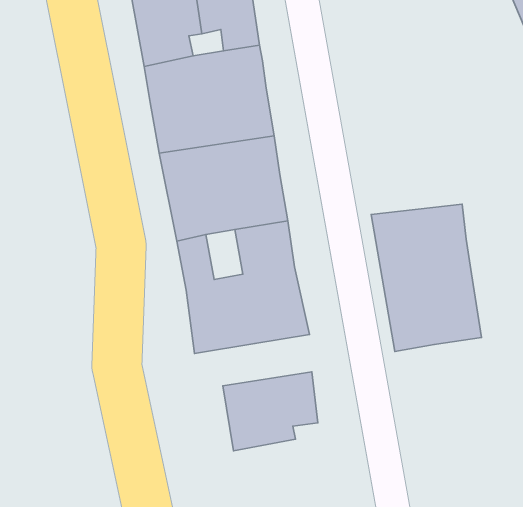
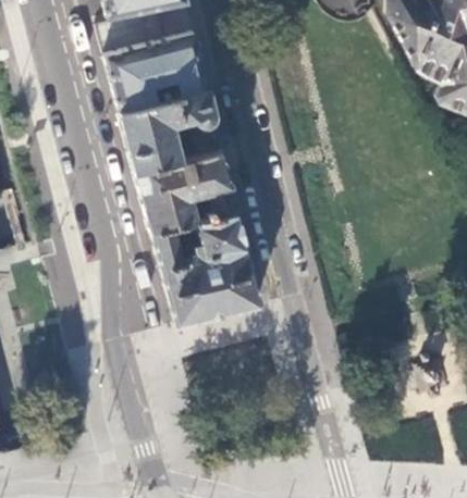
building: [371,204,481,351] -> none
building: [223,372,318,451] -> none

